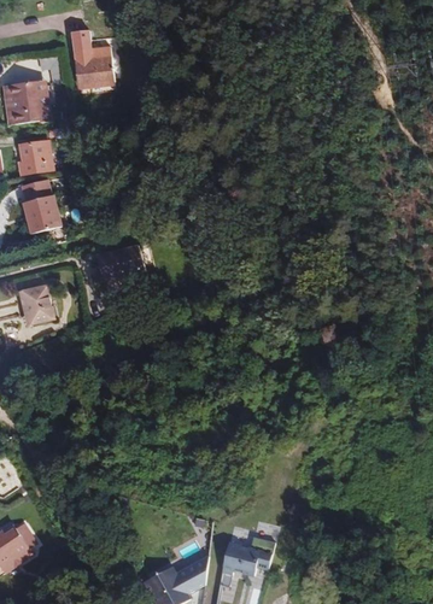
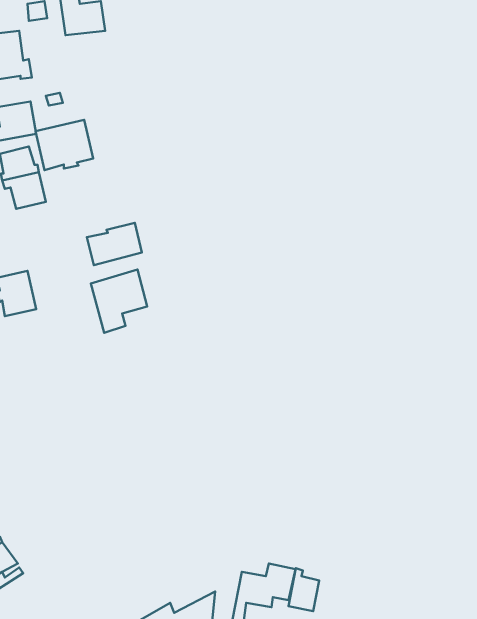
building: none -> [36,120,93,170]
building: none -> [91,269,147,333]
building: none -> [288,568,319,611]

